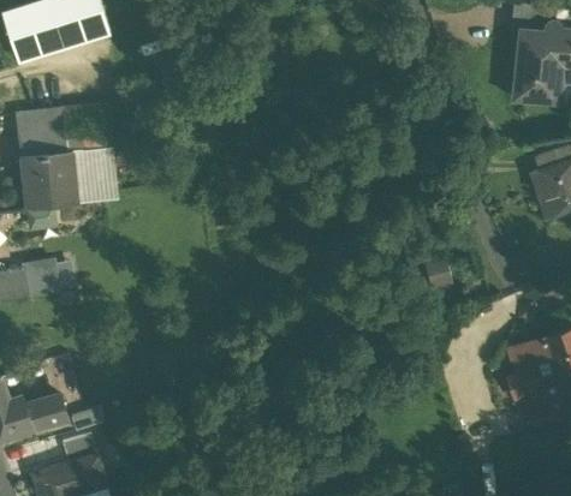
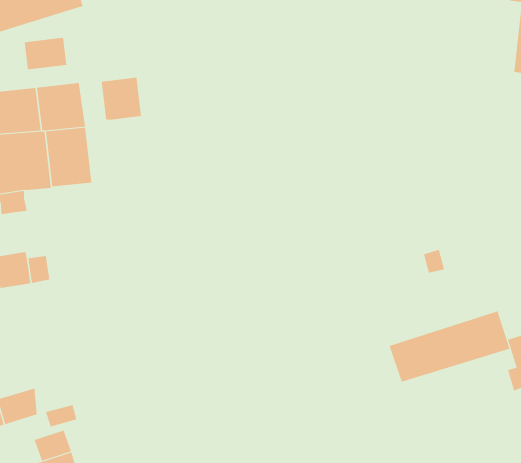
building: none -> [24,37,67,70]
building: none -> [101,77,141,121]
building: none -> [389,310,510,383]

